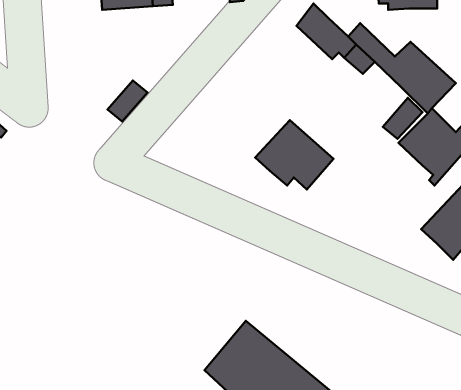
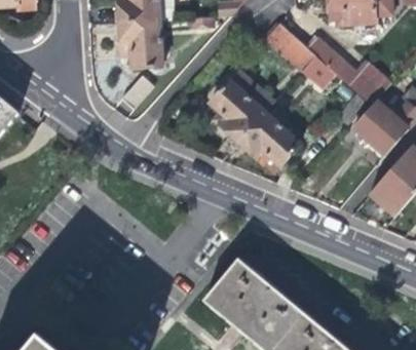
building: none -> [120,22,163,70]
building: none -> [207,66,274,139]

